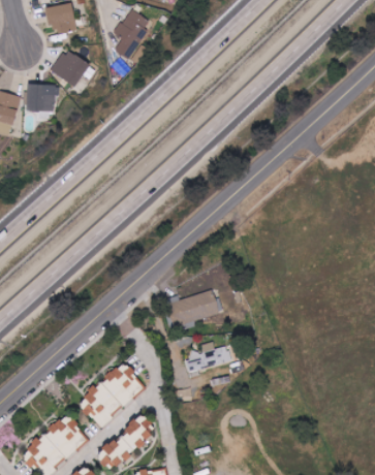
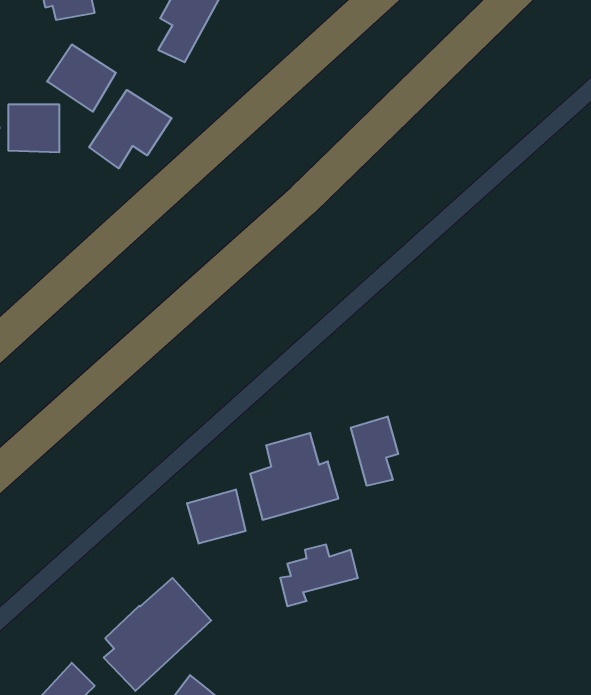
building: none -> [89,90,172,168]
building: none -> [351,416,398,486]
building: none -> [187,489,246,544]

